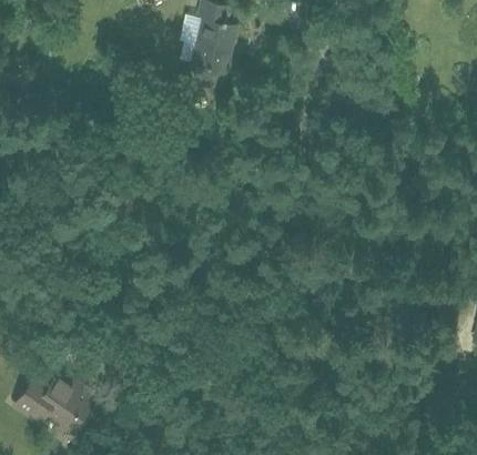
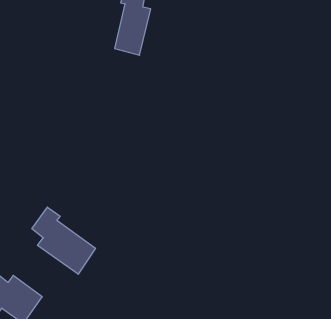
building: none -> [32,207,95,274]

